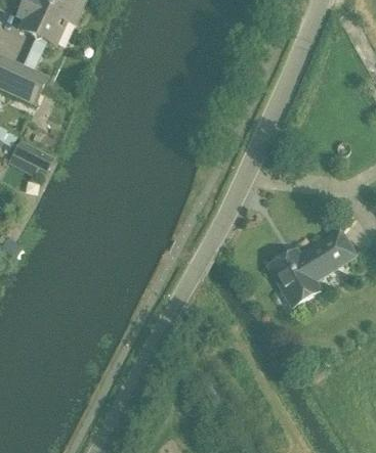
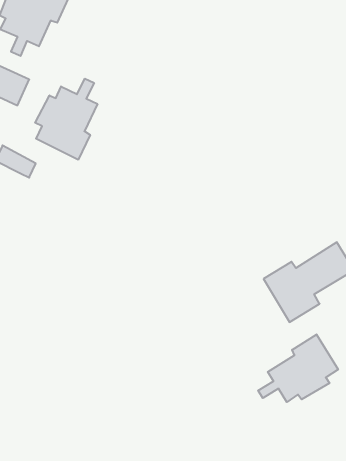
building: none -> [35,79,97,160]
building: none -> [258,334,338,402]

